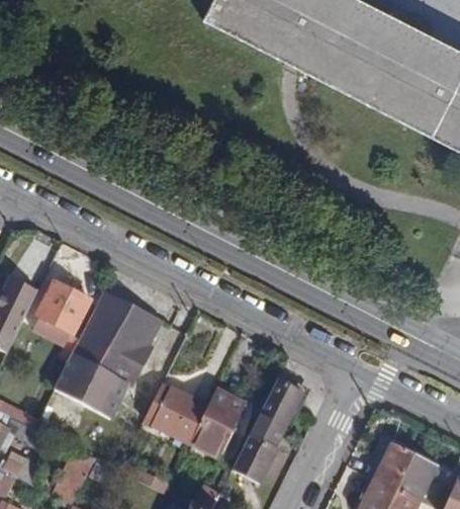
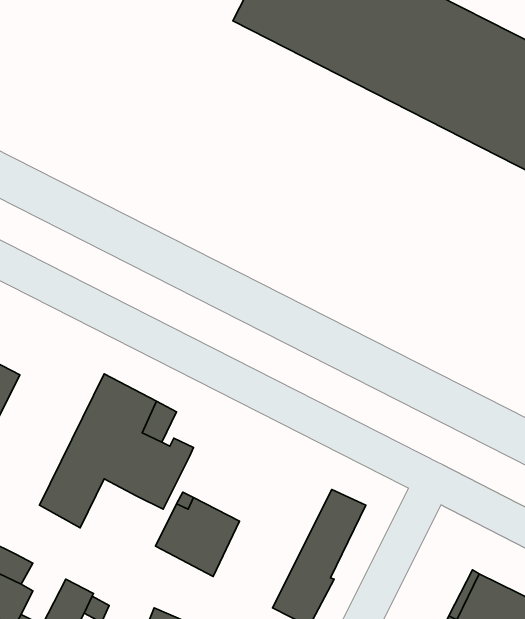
building: [36,281,91,335] -> none
building: [85,371,128,421] -> none
building: [187,387,247,461] -> none

